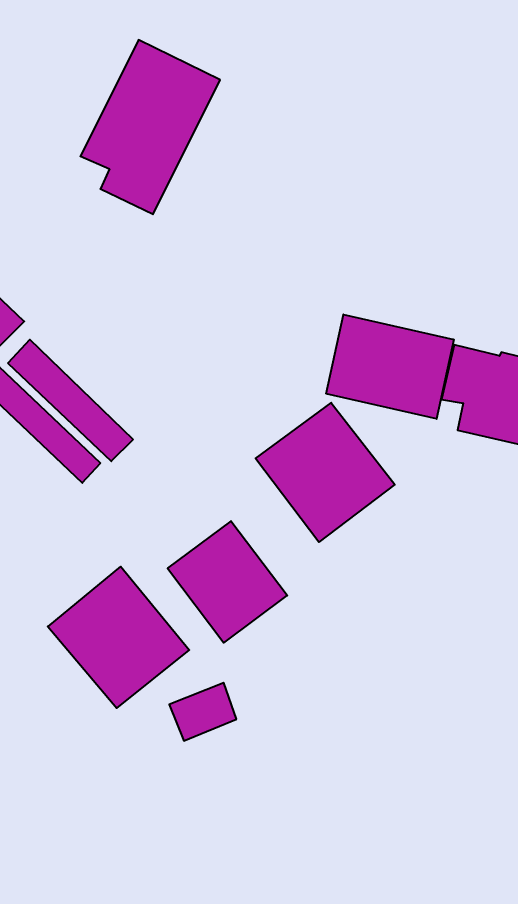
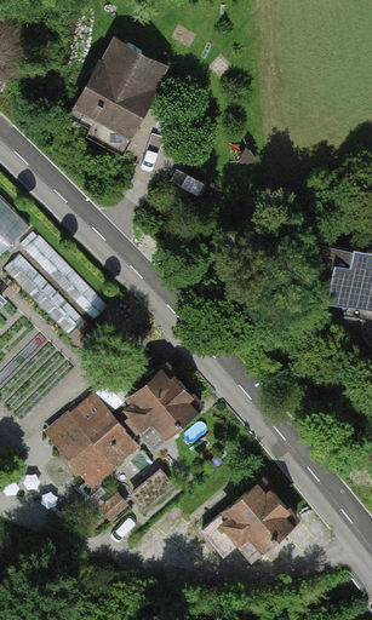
building: [326,314,454,419] -> none
building: [256,403,395,542] -> none
building: none -> [218,480,302,563]

